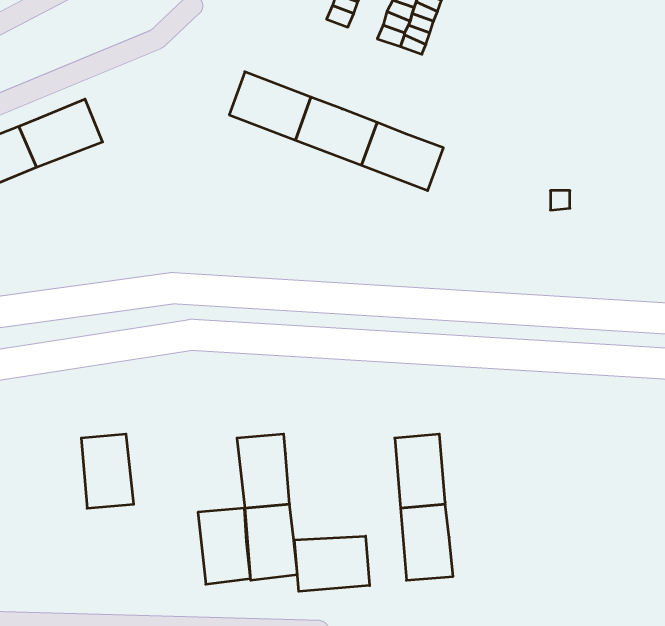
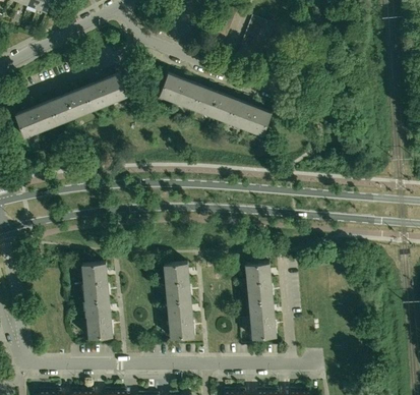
building: none -> [83,74,127,110]
building: [198,508,250,584] -> [84,299,112,339]
building: [294,536,370,591] -> none

